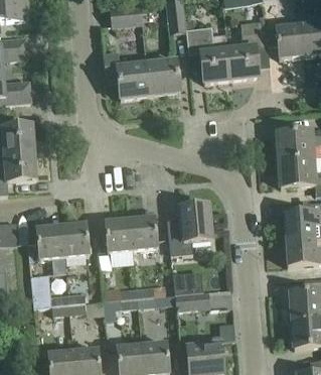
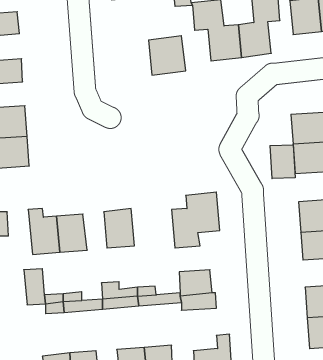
building: [103,52,149,99] -> none
building: none -> [270,145,295,179]
building: [130,209,158,253] -> none

